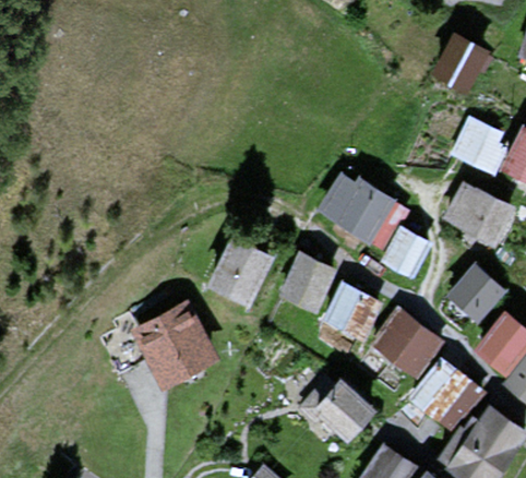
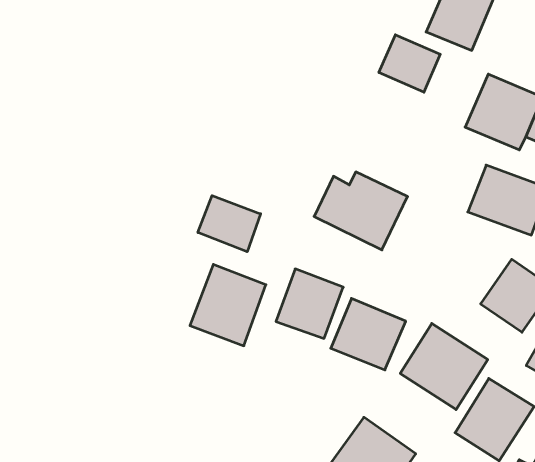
building: none -> [379,35,440,92]
building: none -> [198,196,261,252]
building: [376,224,432,279] -> none
building: [135,301,224,387] -> none

